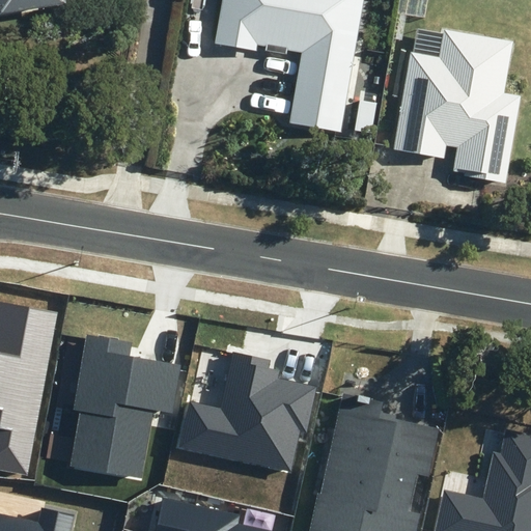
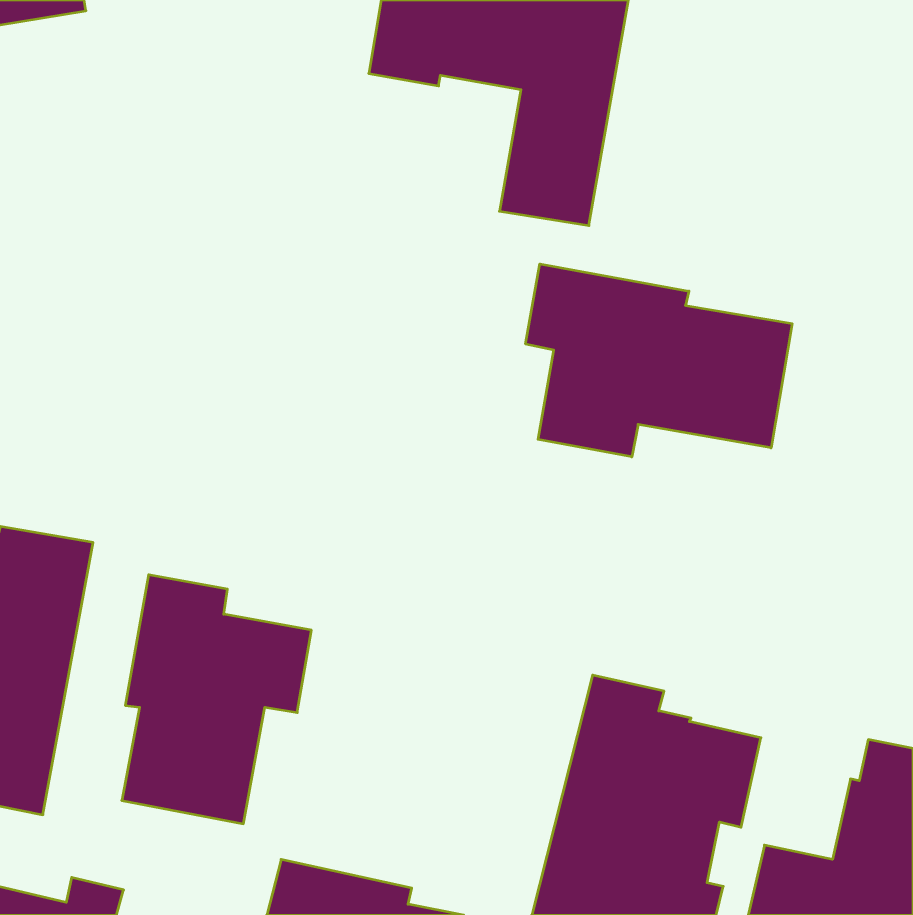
building: [392,29,519,181] -> none
building: none -> [526,264,792,457]
building: [177,352,315,471] -> none

